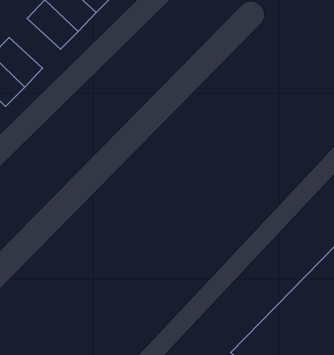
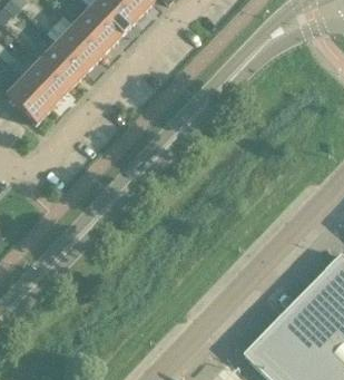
building: none -> [39,40,87,87]

